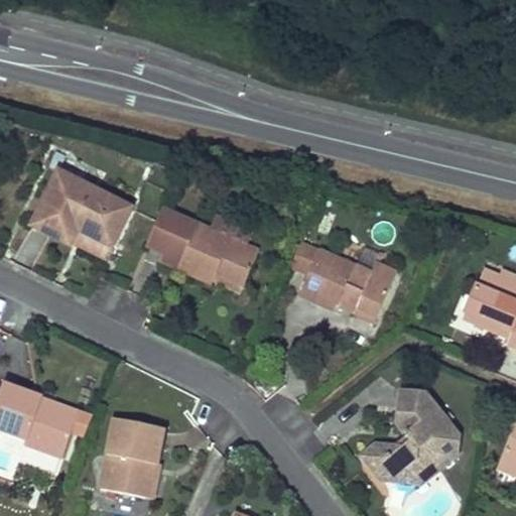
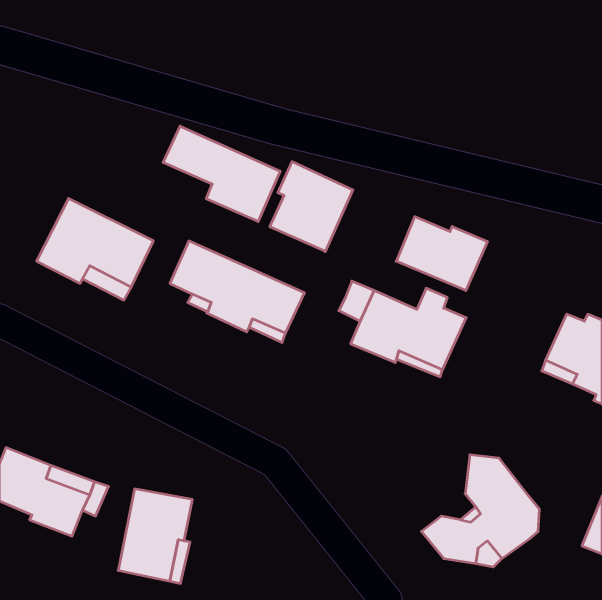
building: none -> [163,126,280,222]
building: none -> [270,162,353,252]
building: none -> [396,217,487,291]

